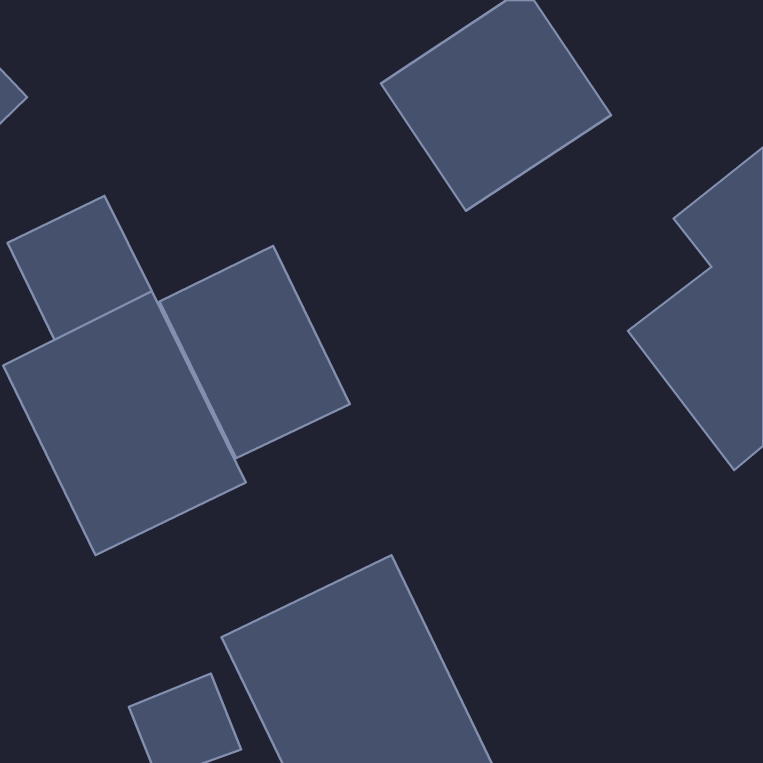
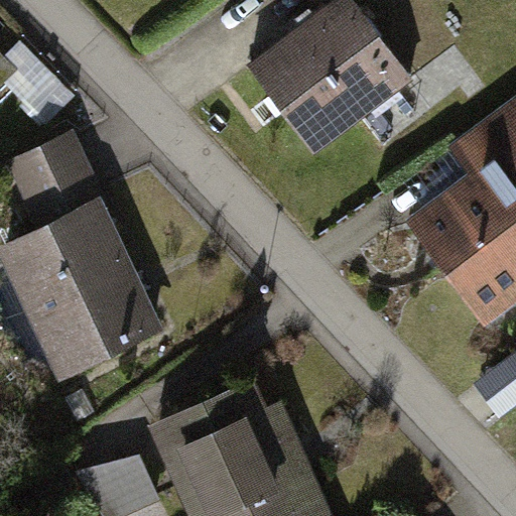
building: [160,246,350,458] -> none

